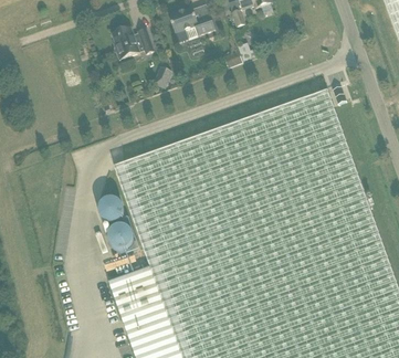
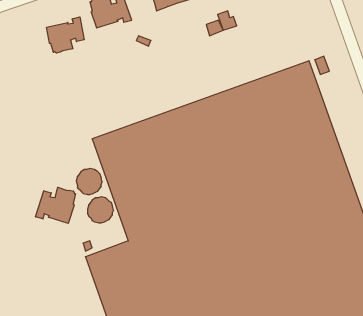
building: none -> [47,17,84,53]
building: none -> [36,187,75,223]

